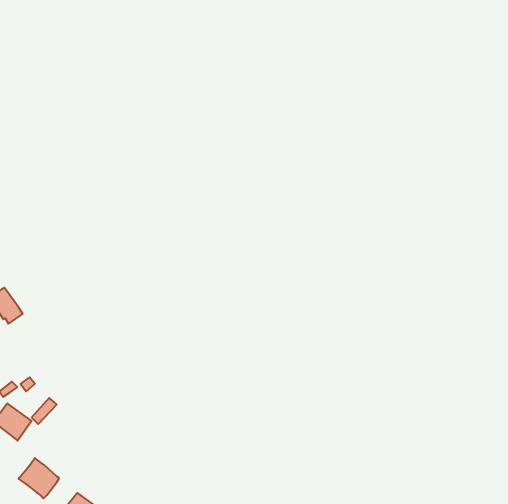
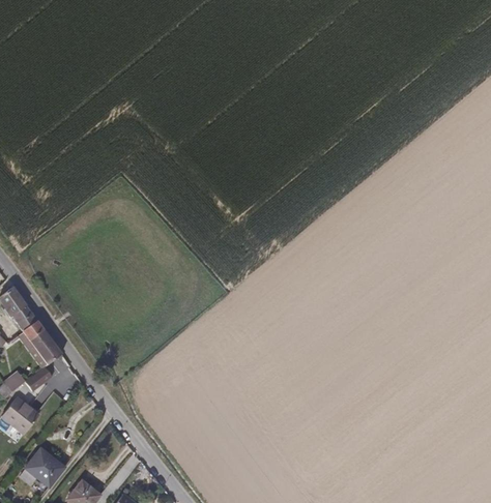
building: none -> [16,312,60,363]

